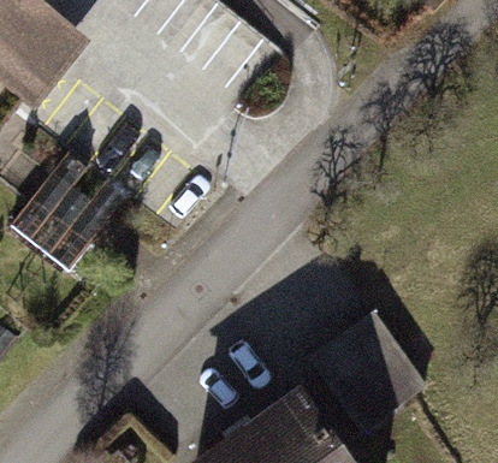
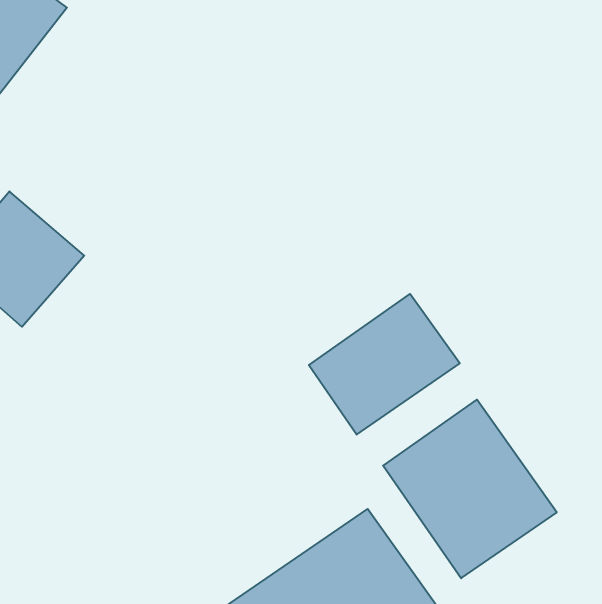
building: none -> [309,294,460,435]

